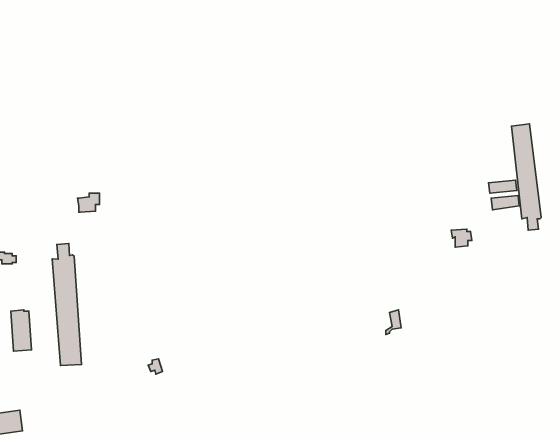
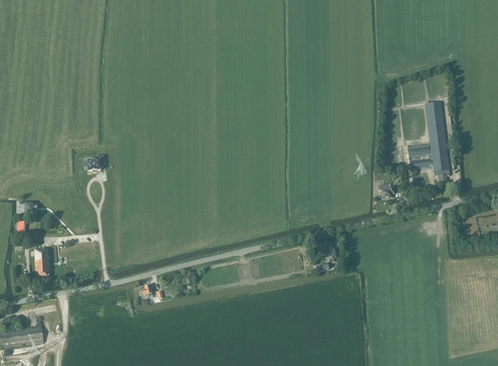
building: [52,244,81,366] -> none

